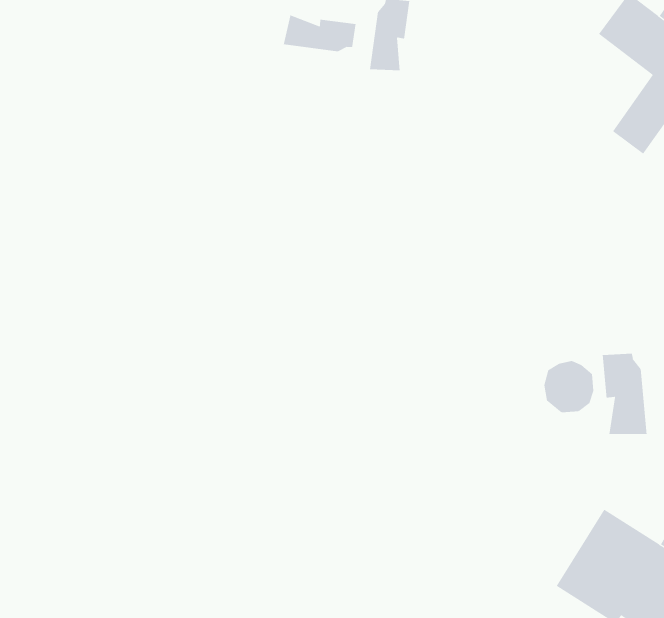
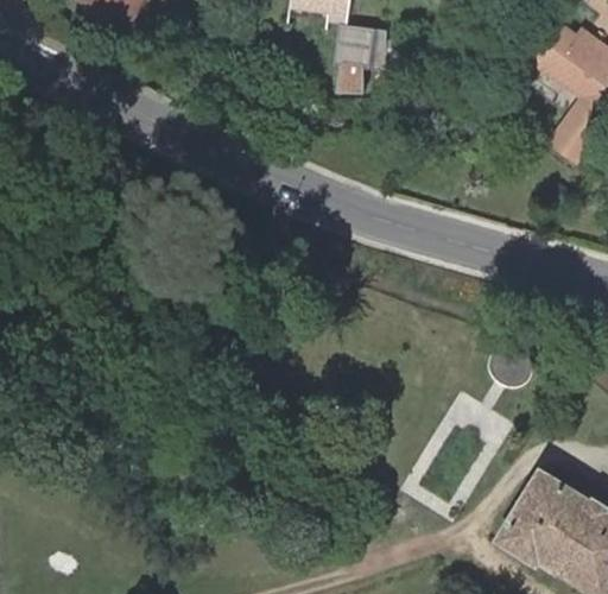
building: [283,15,356,52] -> none
building: [602,353,647,435] -> none

